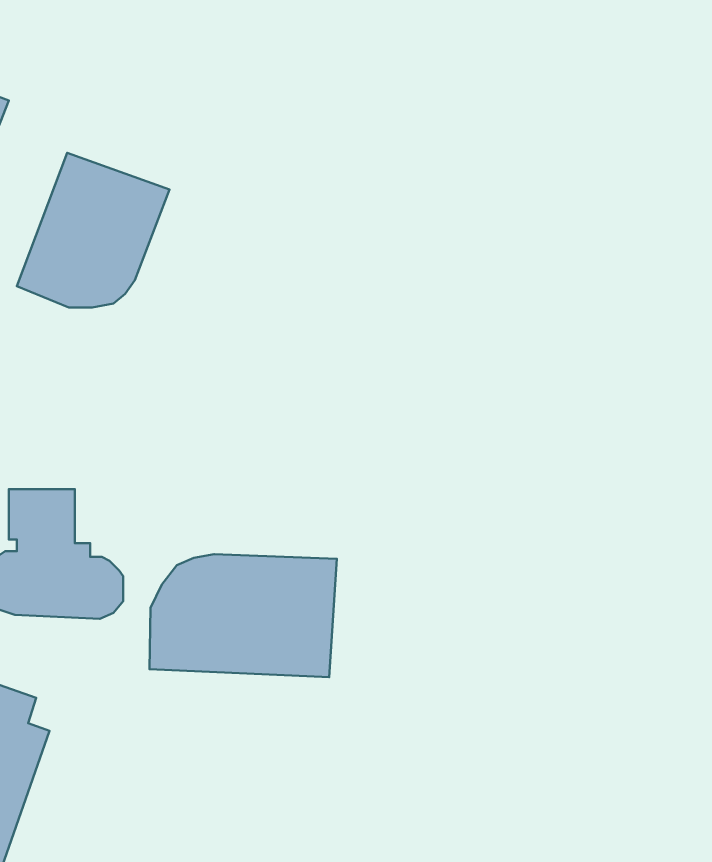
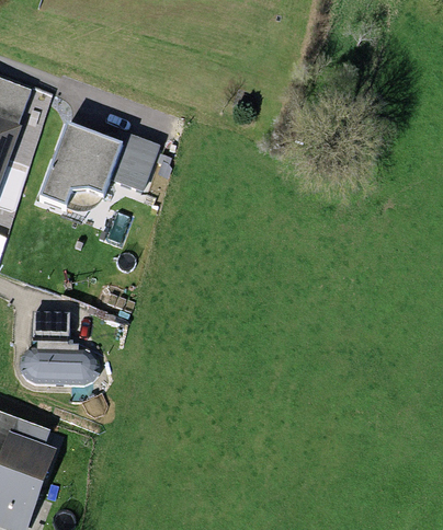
building: none -> [114,135,159,191]
building: [150,554,337,677] -> none

